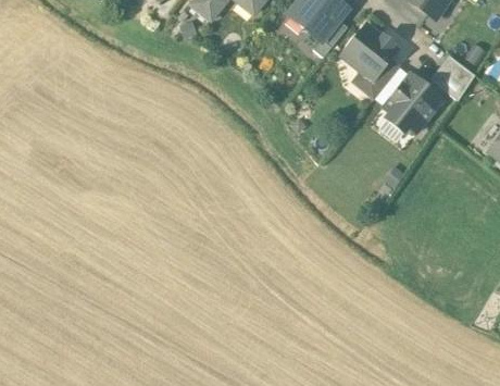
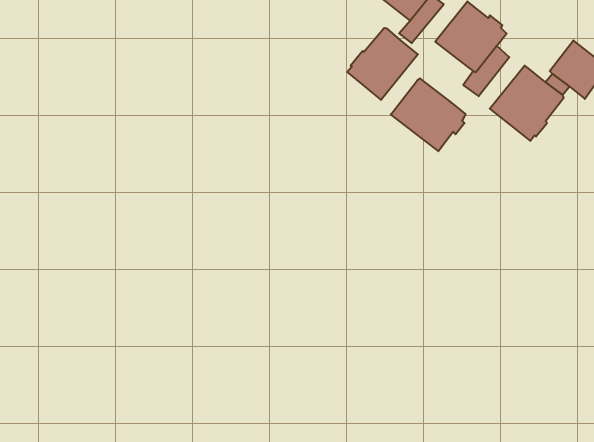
building: none -> [347,28,418,100]
building: none -> [391,78,466,151]

